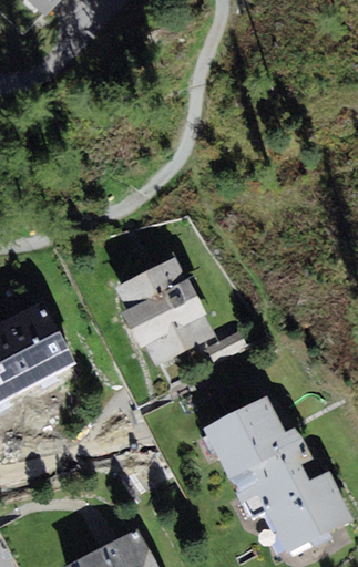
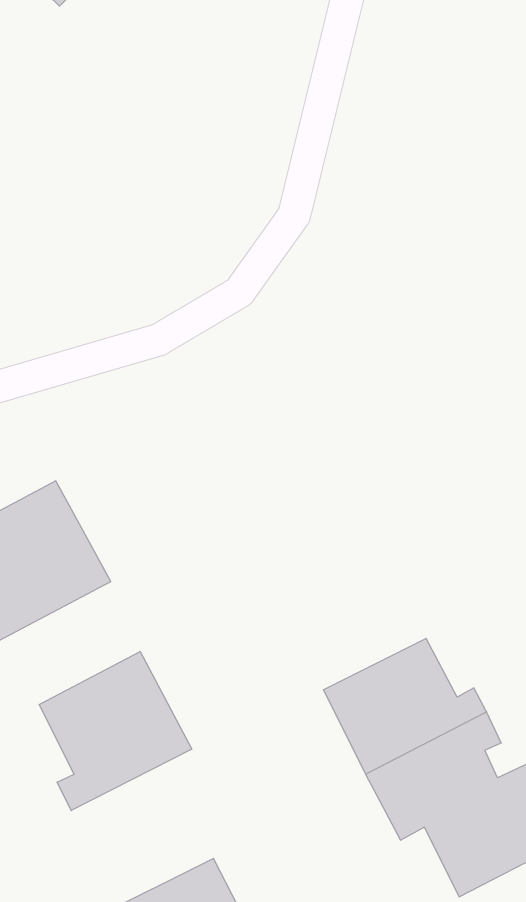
building: [115,257,215,367] -> none
building: none -> [39,651,192,811]

